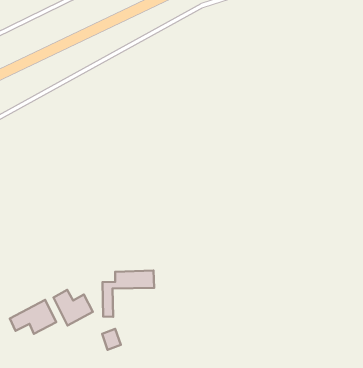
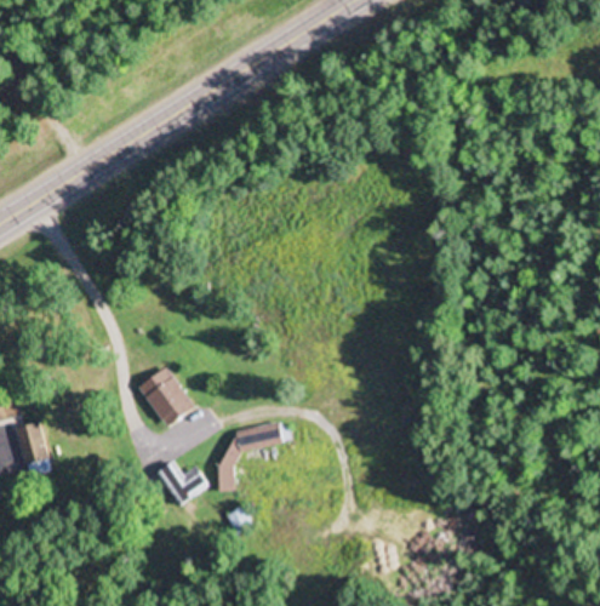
building: none -> [137,366,193,425]
building: [10,300,56,334] -> none

